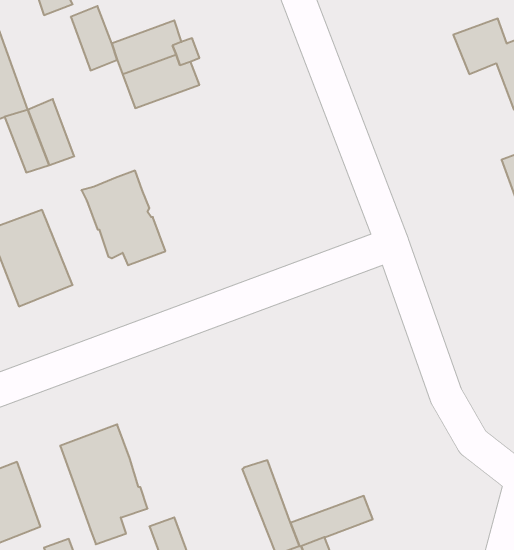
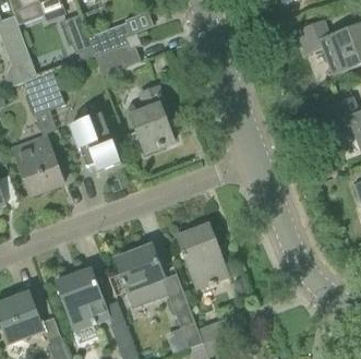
building: none -> [127,86,173,152]
building: none -> [176,223,229,290]
building: none -> [115,244,168,308]

